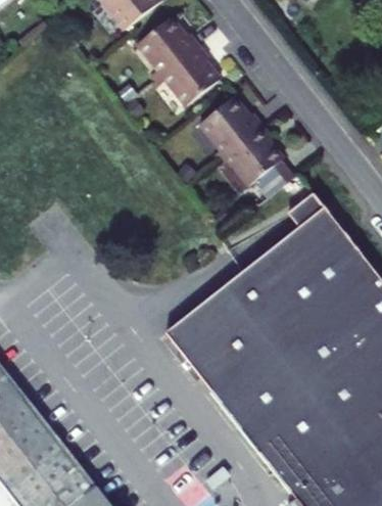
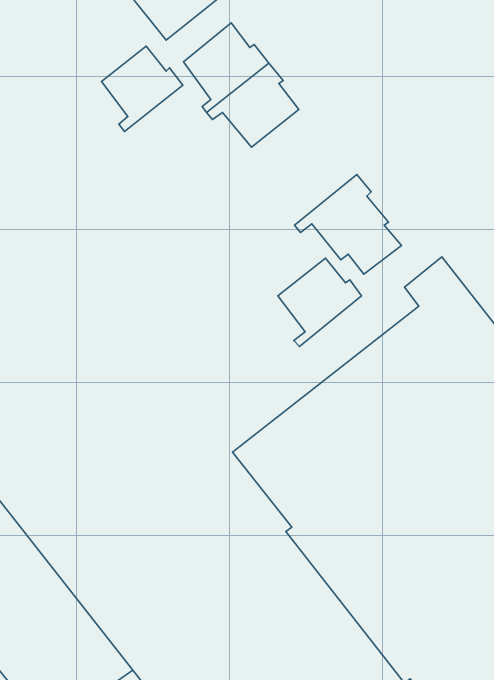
building: none -> [101,46,183,131]
building: [195,106,254,169] -> [278,258,362,346]

